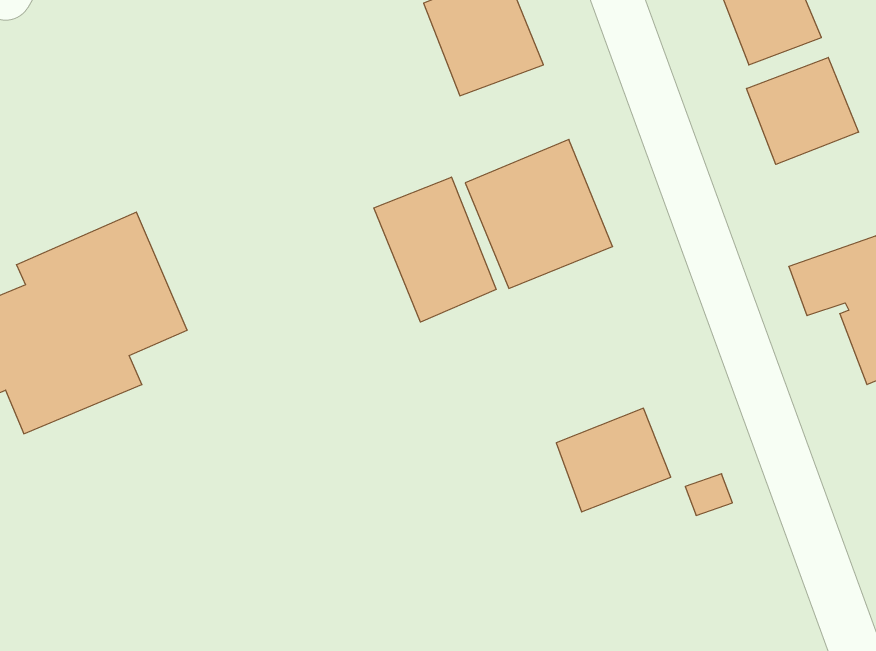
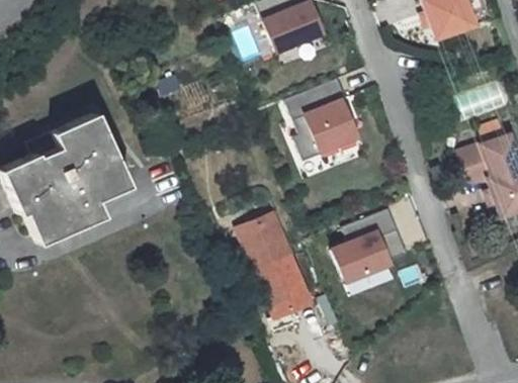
building: [747,57,859,164] -> none
building: [374,177,496,322] -> none
building: none -> [235,209,307,321]

